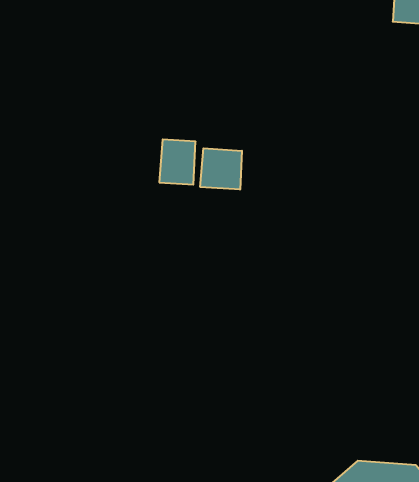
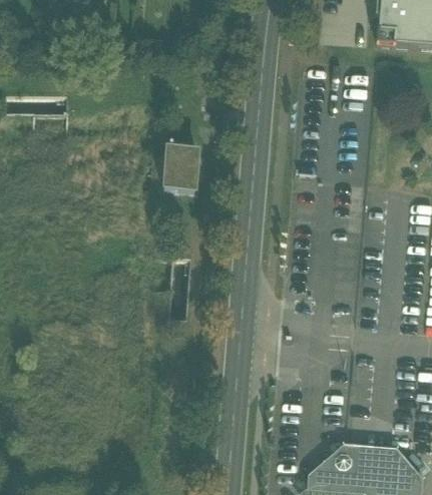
building: [200,148,242,190] -> none

